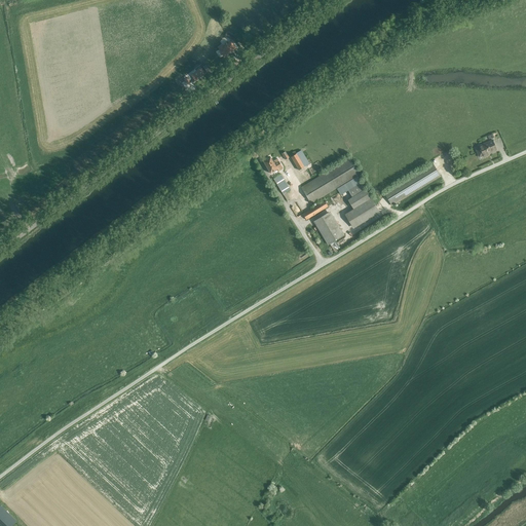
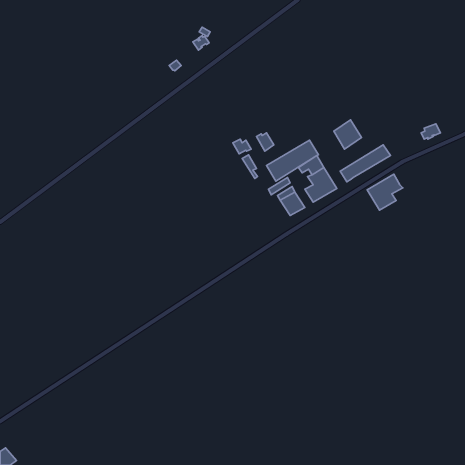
building: none -> [334,120,361,149]
building: none -> [367,174,403,210]

